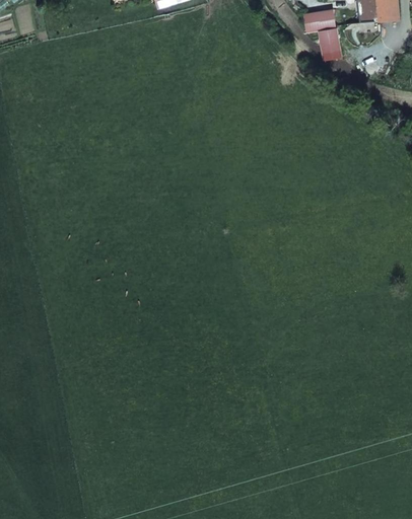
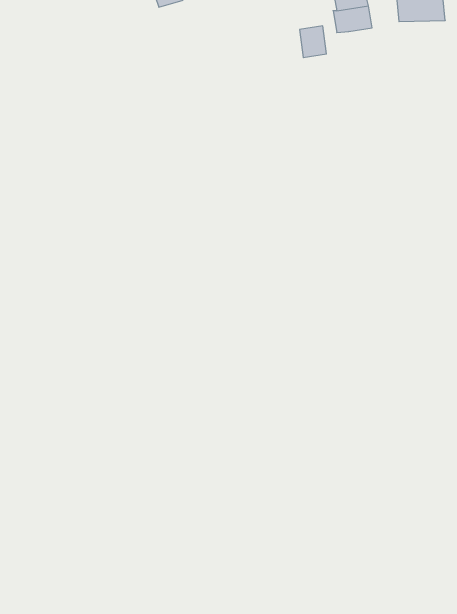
building: [318,26,340,53] -> [300,26,326,58]

